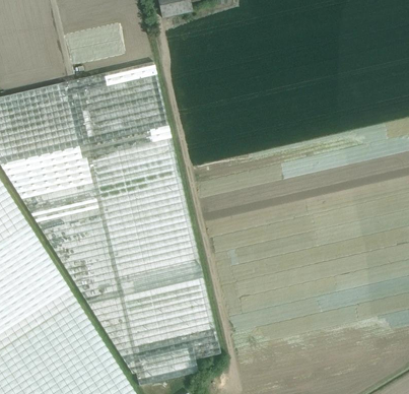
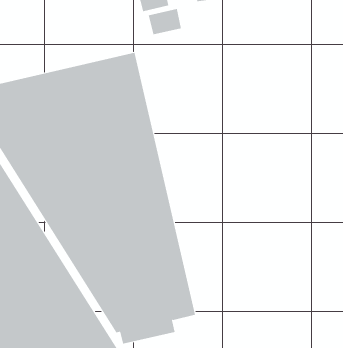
building: none -> [148,8,181,35]

